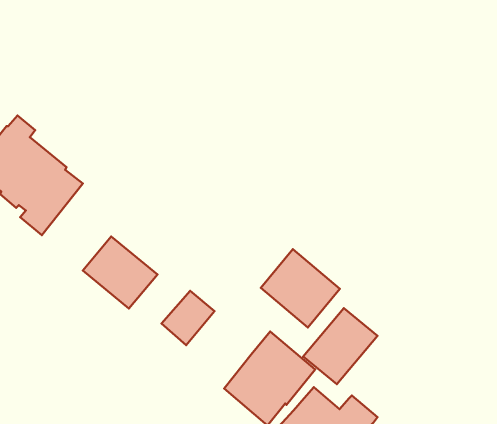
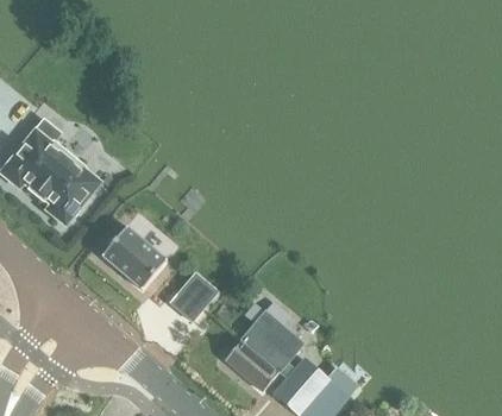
building: [261,249,340,328] -> none
building: [303,308,377,384] -> none

